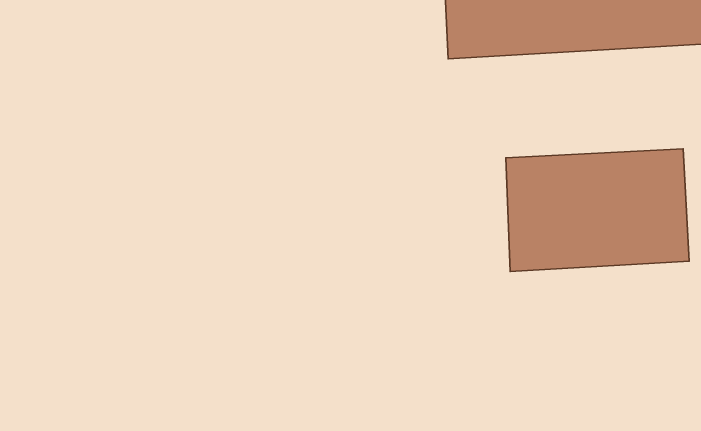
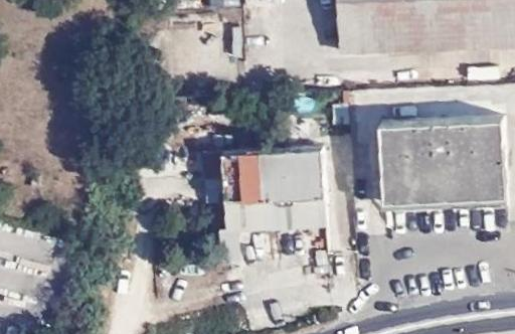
building: none -> [204,145,330,257]

